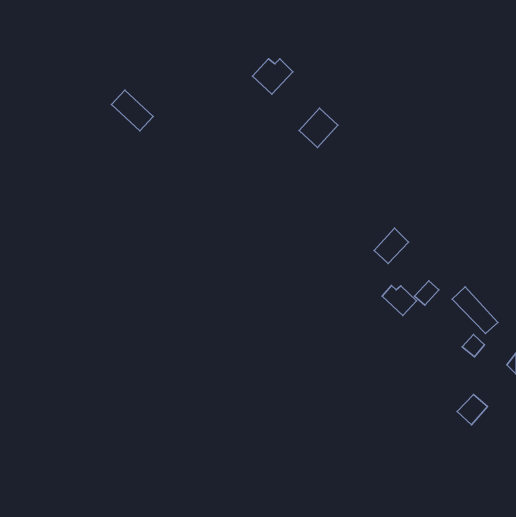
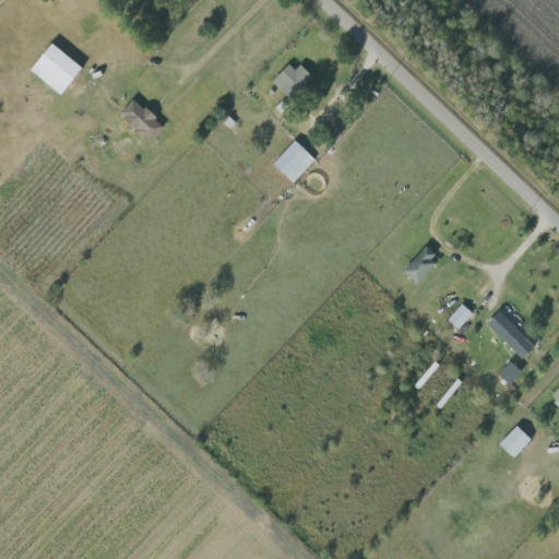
building: none -> [32,43,84,95]
building: [299,108,338,148] -> [273,140,314,182]
building: [382,286,416,315] -> none

